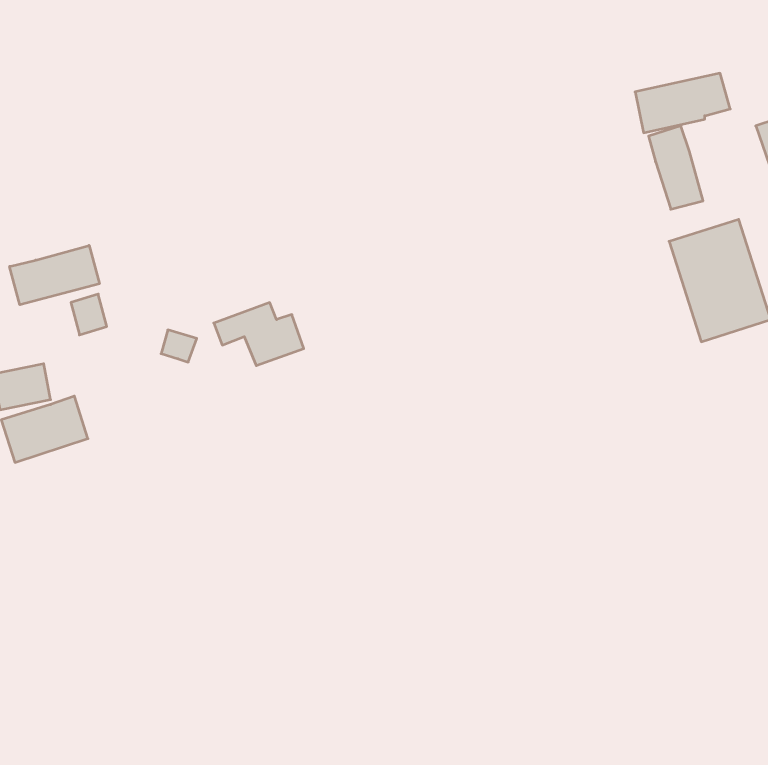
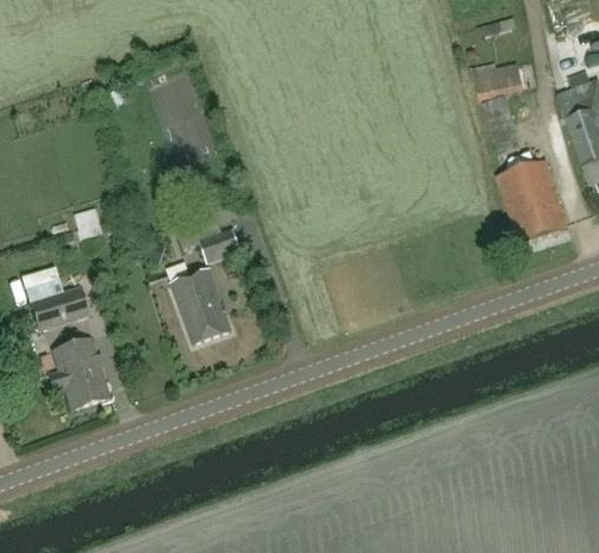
building: [10,245,99,305] -> none
building: none -> [170,267,231,343]
building: none -> [48,335,108,408]

